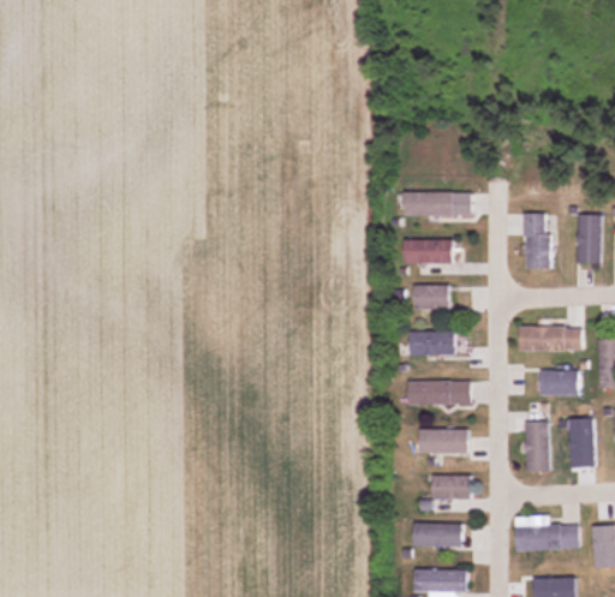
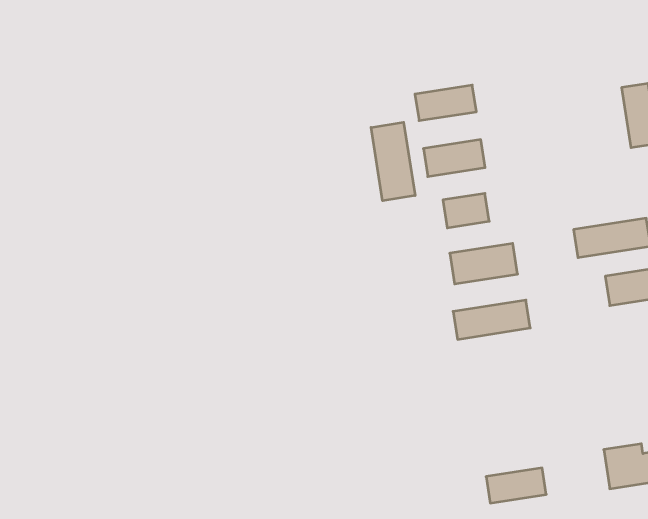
building: [524,214,550,269] -> none
building: none -> [371,122,415,201]
building: [525,423,549,471] -> none
building: [419,429,468,452] -> none
building: [431,474,470,500] -> none

